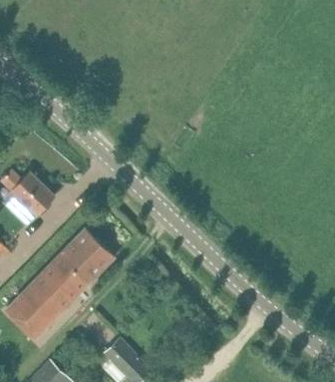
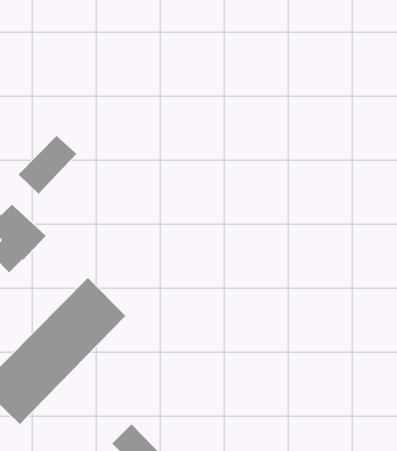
building: none -> [18,135,77,195]

